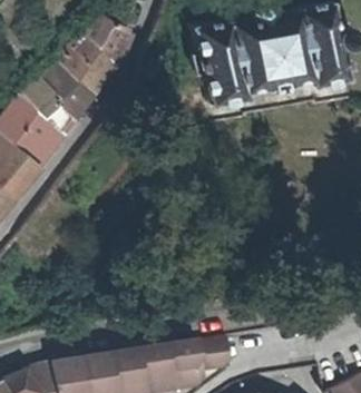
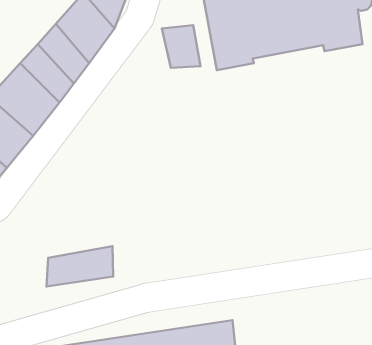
building: none -> [162,25,200,68]
building: none -> [47,246,113,287]

